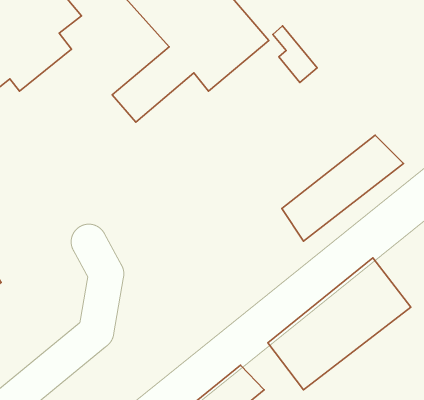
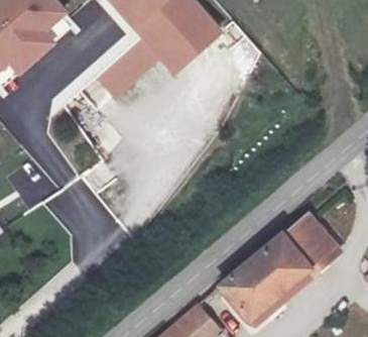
building: [282,135,403,241] -> none

